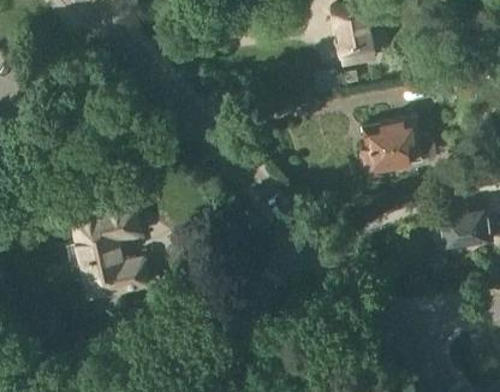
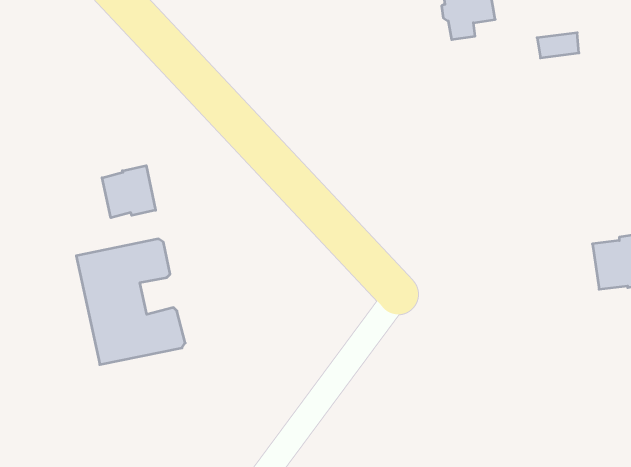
building: [359,118,421,182] -> none
building: none -> [102,166,156,218]

